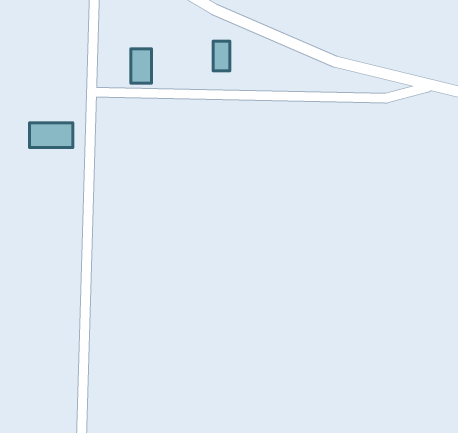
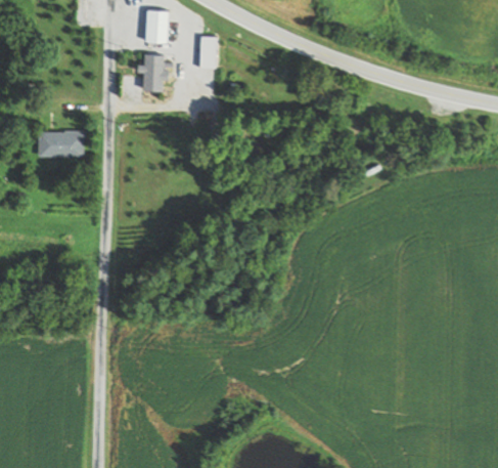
building: none -> [146,10,169,42]
building: [213,41,230,71] -> [198,37,216,68]

